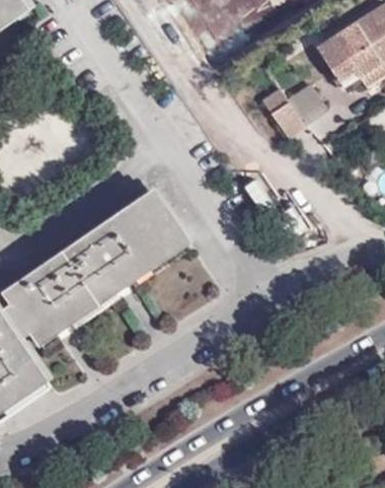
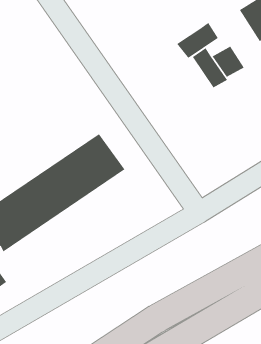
building: none -> [176,22,219,59]

